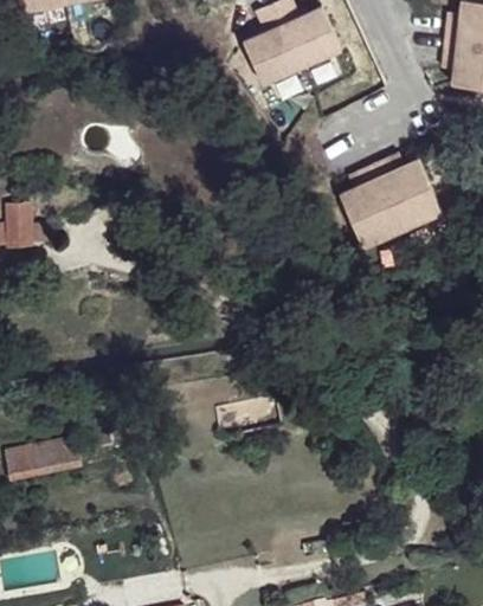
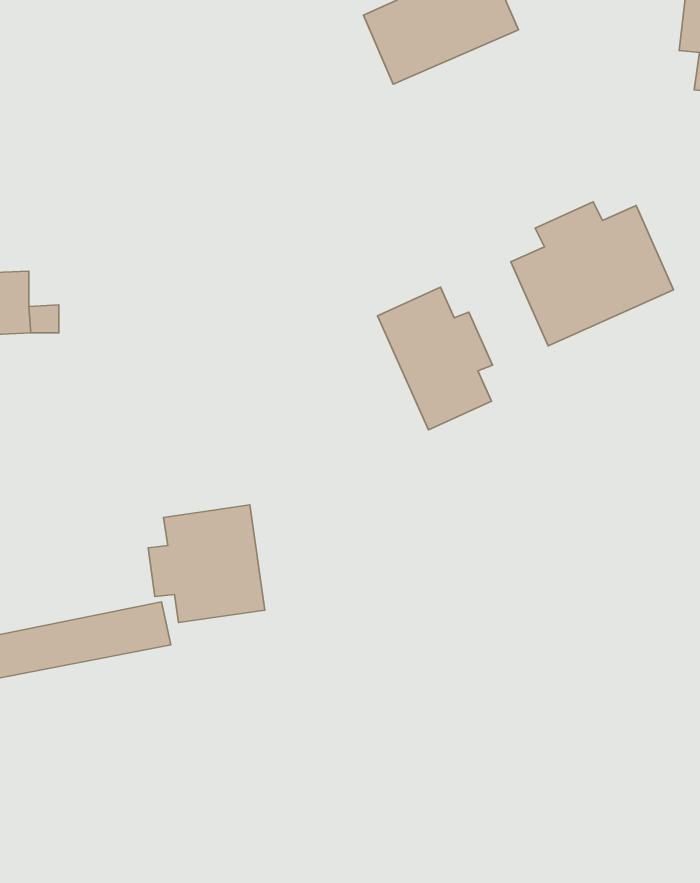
building: none -> [378,287,492,430]
building: none -> [148,505,265,623]

